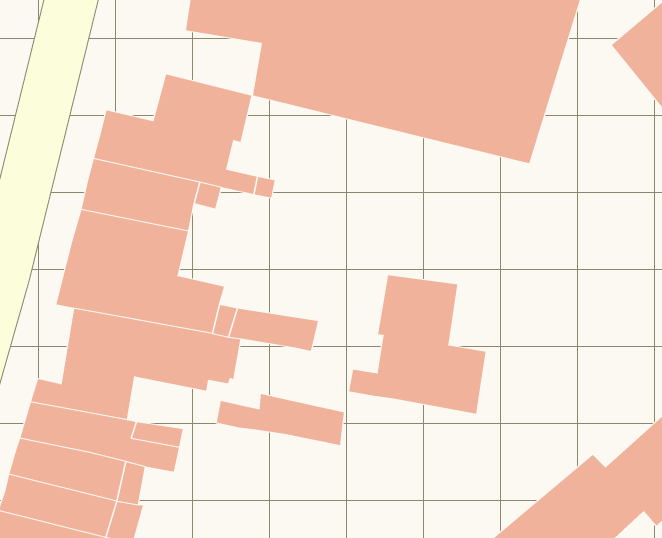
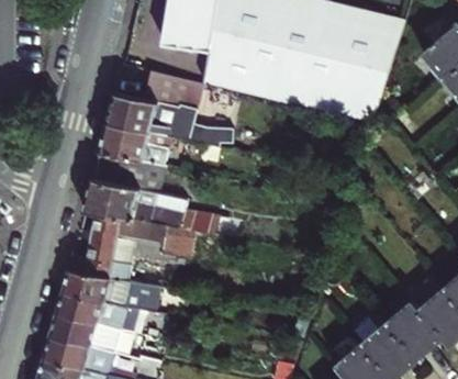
building: [348,274,486,414] -> none
building: [216,393,344,446] -> none

